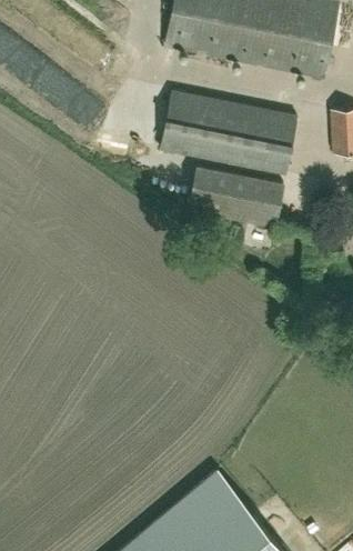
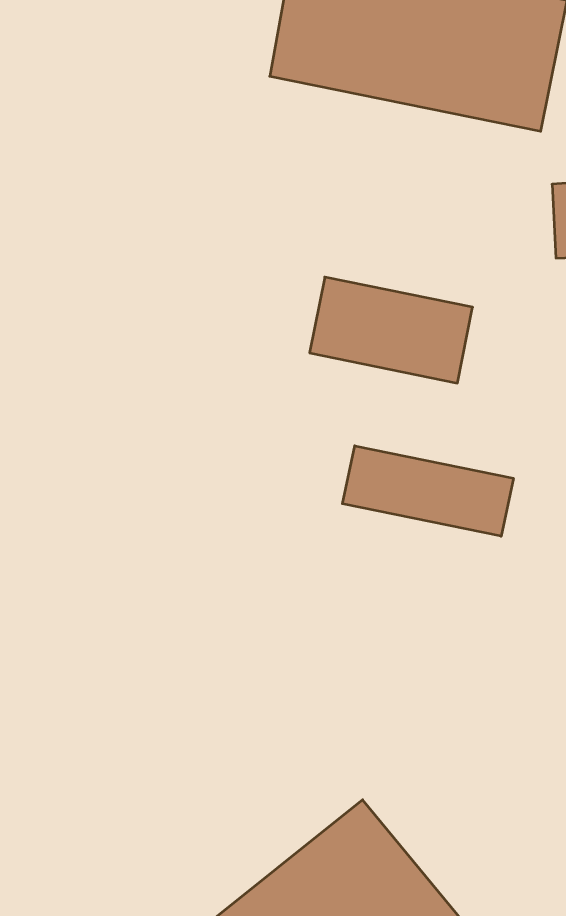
building: [160,90,296,173] -> none
building: none -> [342,446,513,536]

